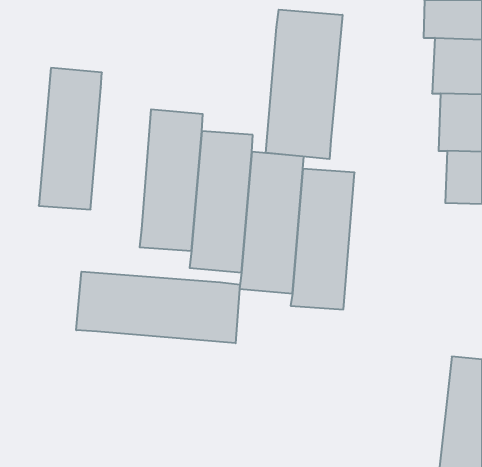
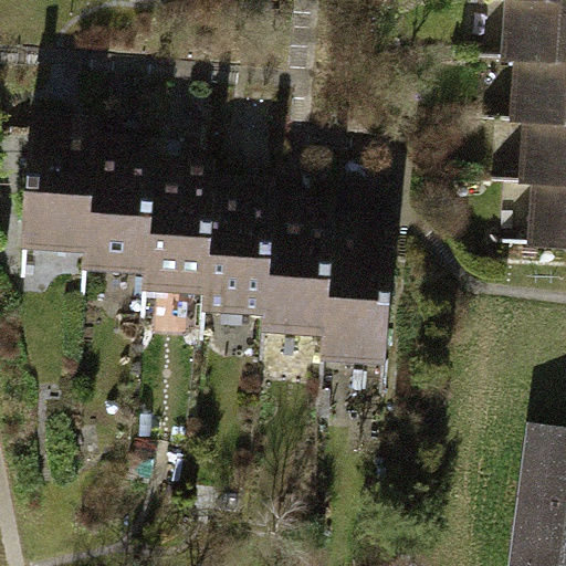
building: [266,10,342,159] -> none
building: none -> [105,120,179,286]
building: [76,272,240,343] -> none

